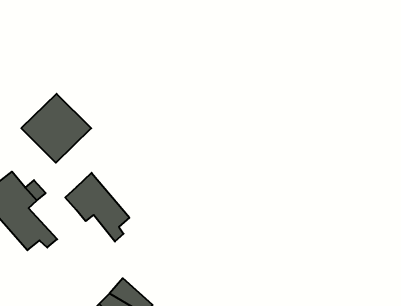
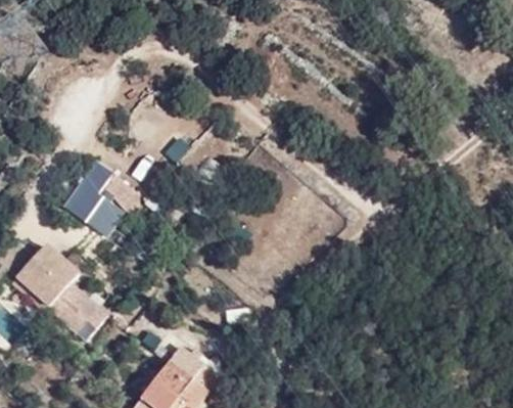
building: [65,173,129,242] -> none

